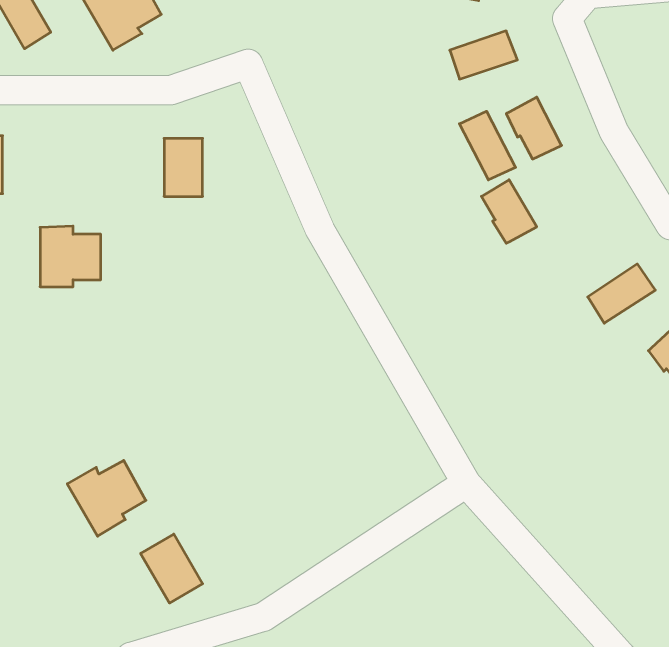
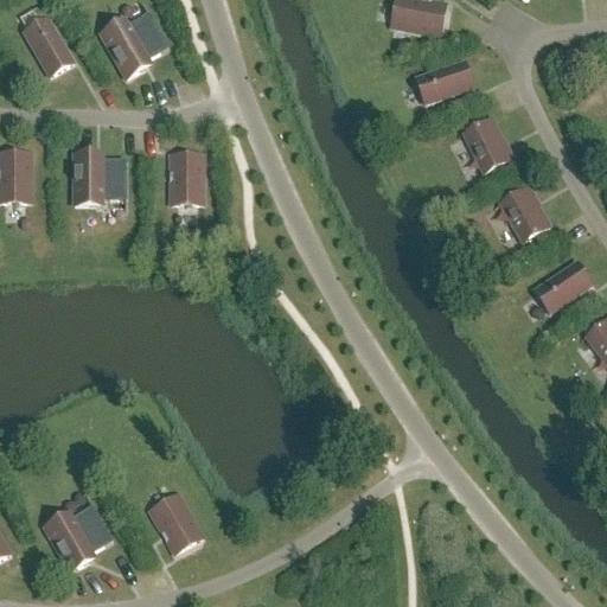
building: [459,111,516,180] -> none
building: [481,180,537,243] -> [501,186,549,241]
building: [40,226,101,287] -> [74,152,126,204]
building: [67,460,146,536] -> [44,505,111,570]

